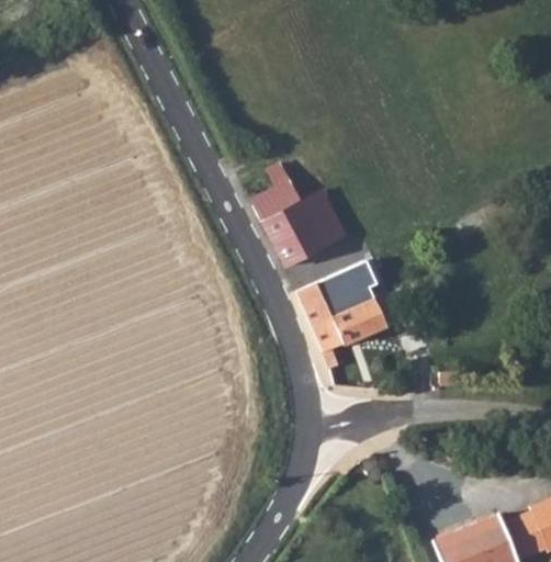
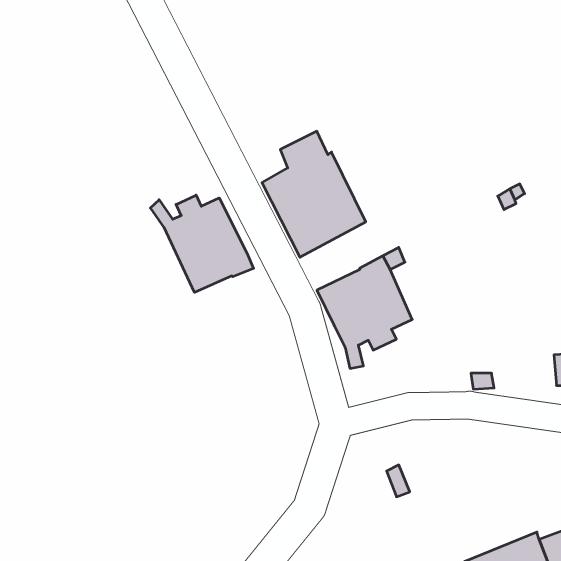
building: none -> [150,195,254,292]

